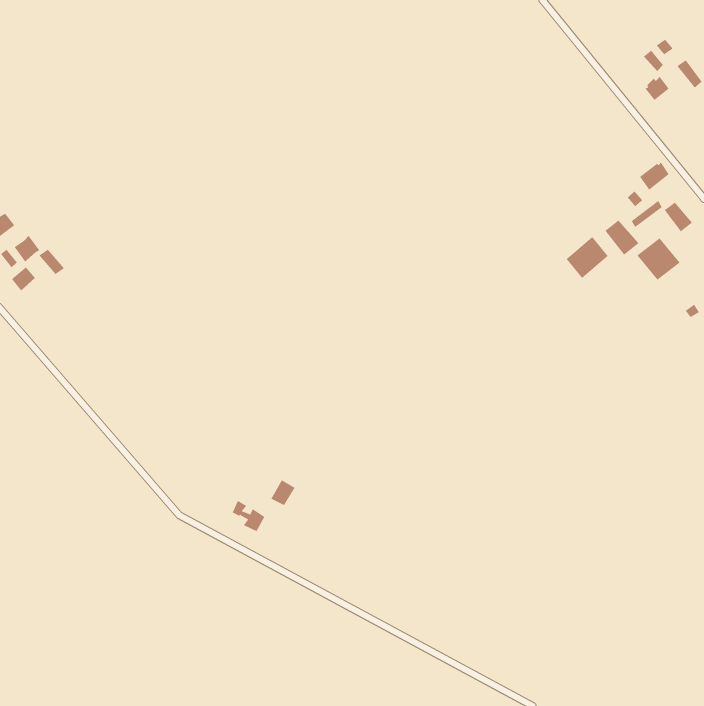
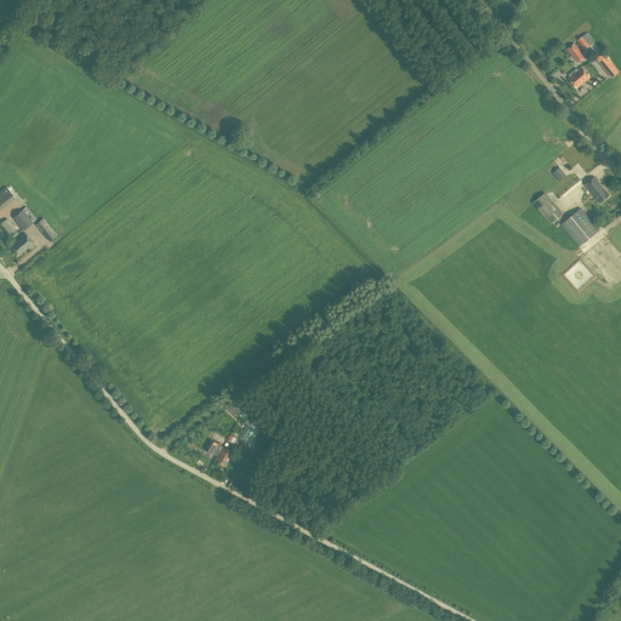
building: [566,236,609,279] -> none

